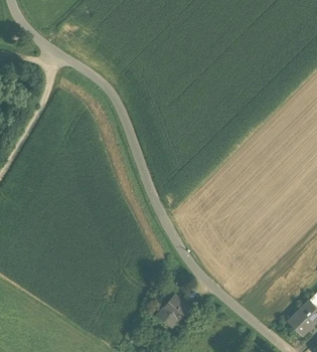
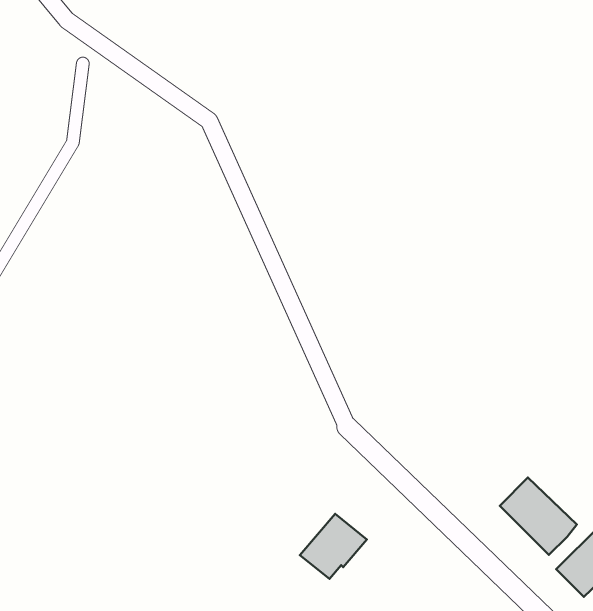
building: none -> [500,478,577,555]

